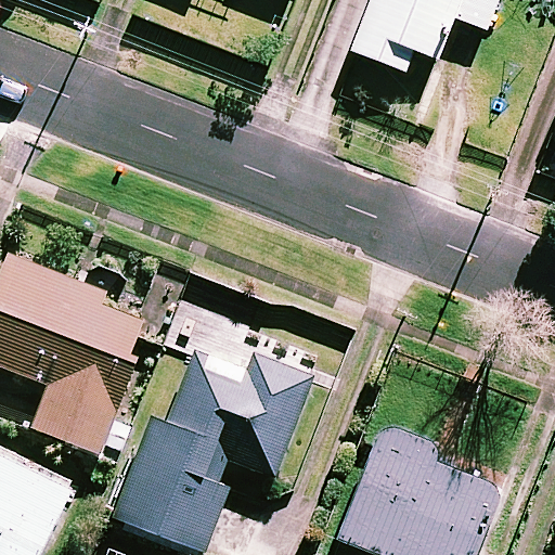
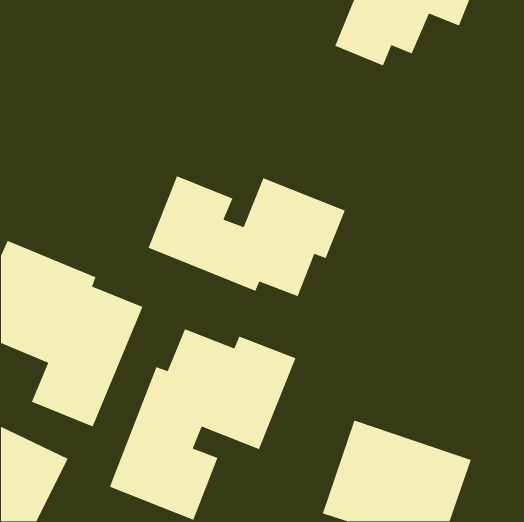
building: none -> [148,175,346,297]

